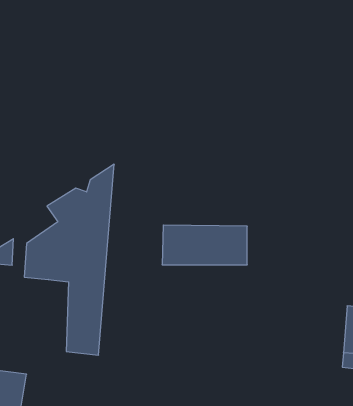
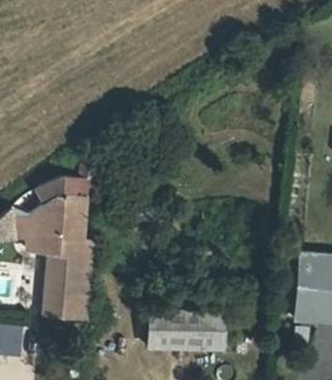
building: [162,225,247,265] -> [145,312,219,346]
building: none -> [38,248,61,310]

